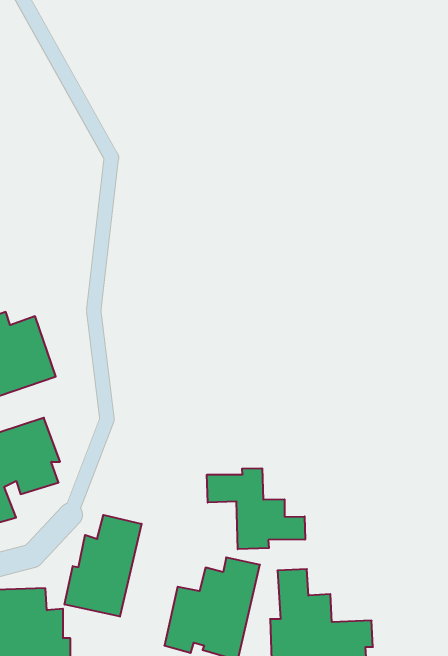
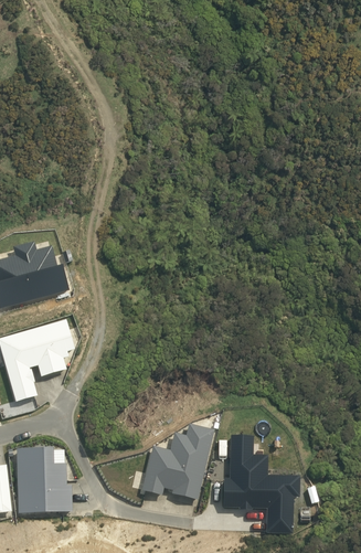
building: [207,468,305,549] -> none
building: [65,515,142,617] -> none

